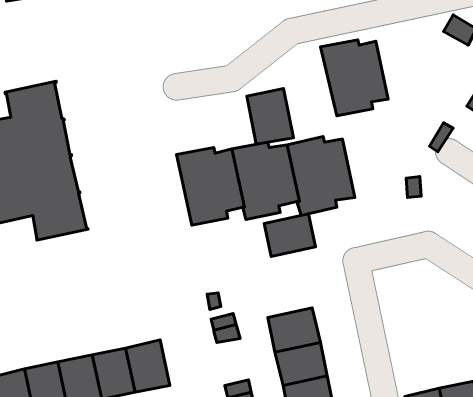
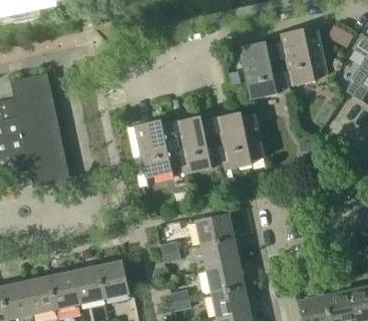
building: none -> [277,29,326,85]
building: [247,88,293,144] -> none
building: [264,214,315,257] -> [196,213,233,244]

